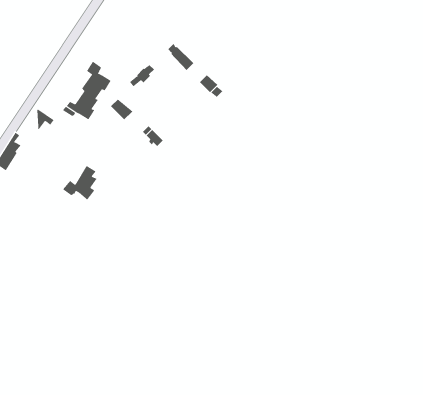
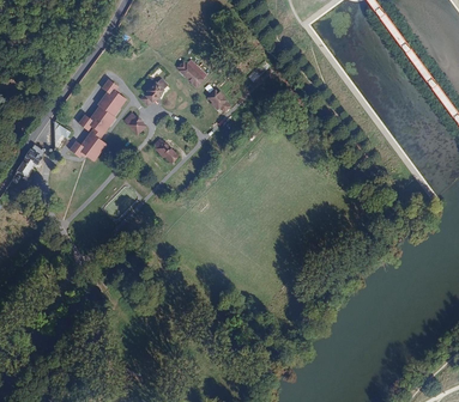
building: [62,165,98,201] -> [71,128,104,162]

